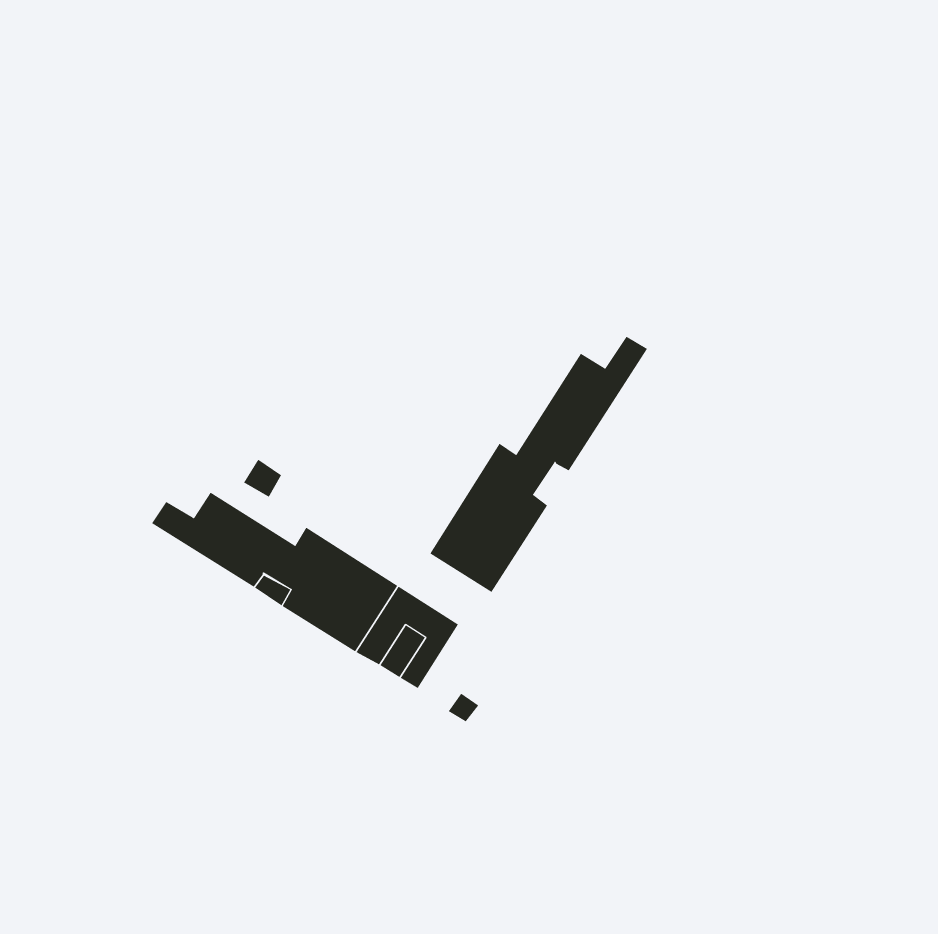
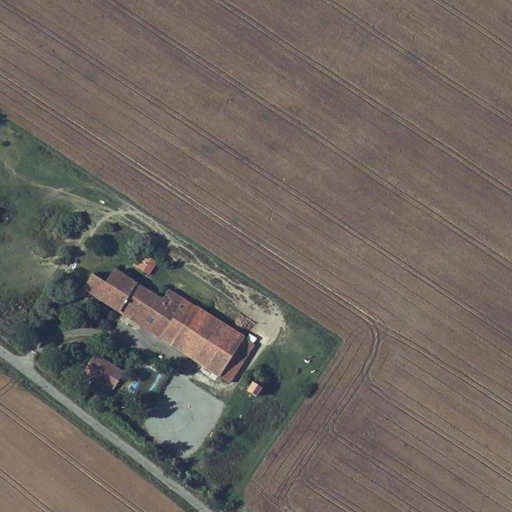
building: [429,336,648,593] -> none
building: none -> [85,353,125,389]

